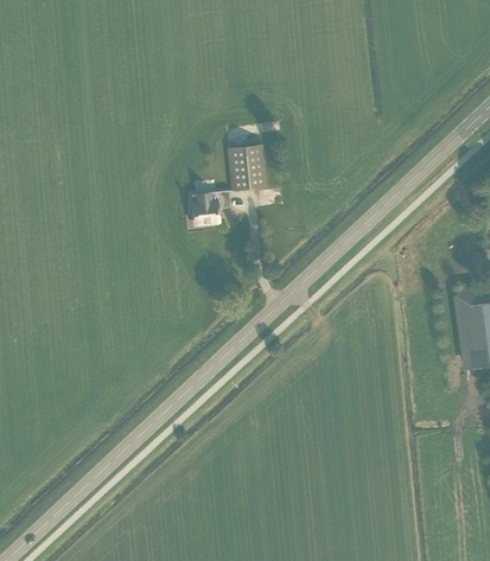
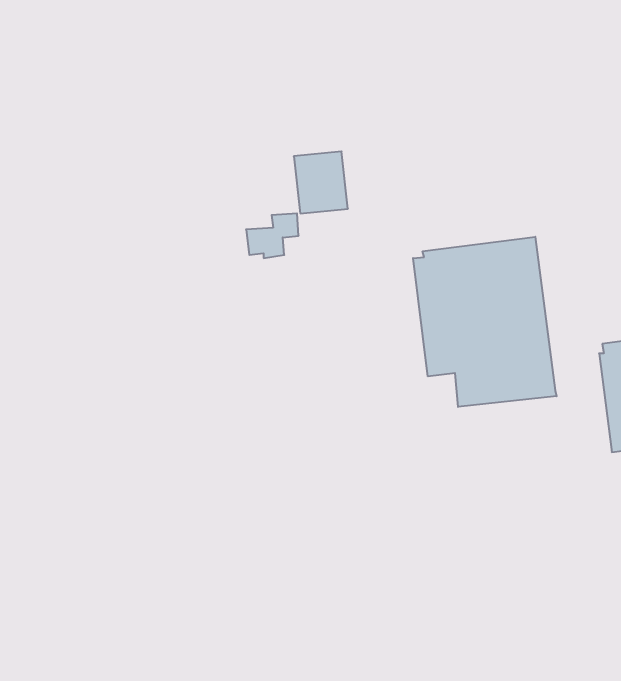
building: none -> [413,237,557,407]

